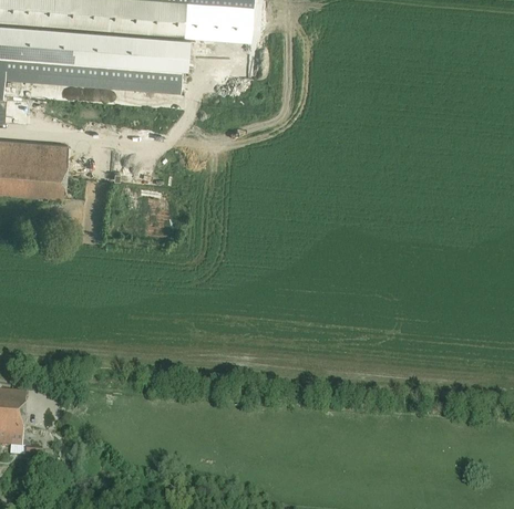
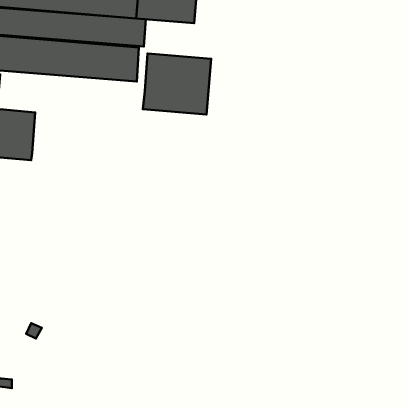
building: none -> [143,54,211,115]

